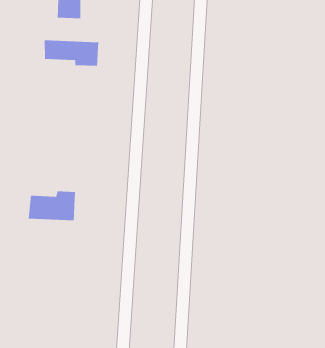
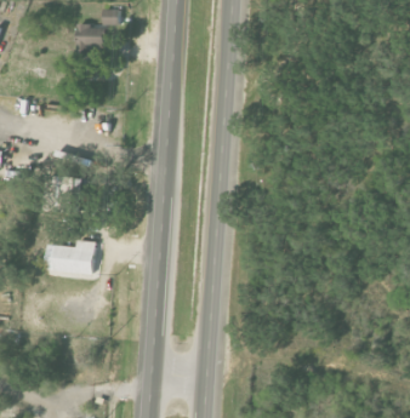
building: [44,40,99,66] -> none

